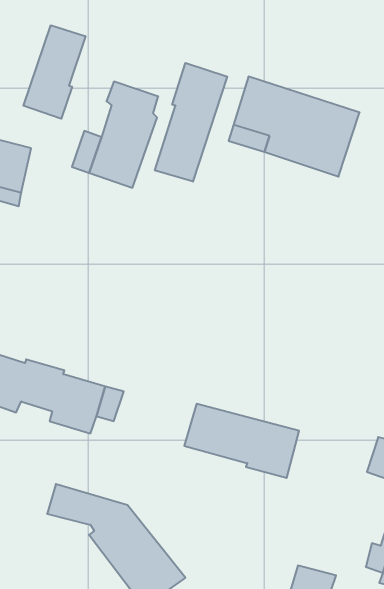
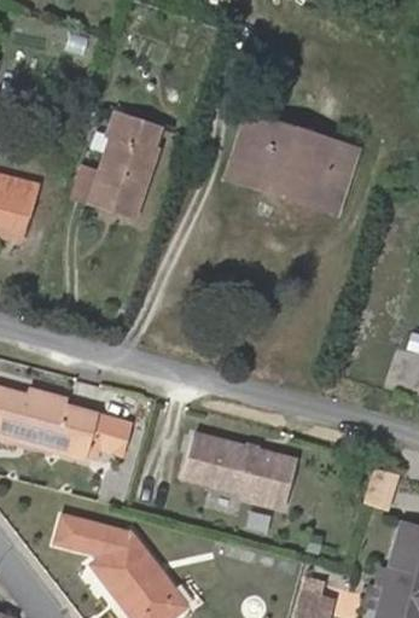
building: [23,25,85,119] -> none
building: [155,63,227,182] -> none

